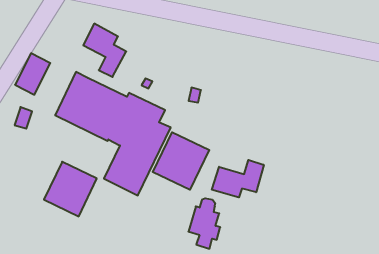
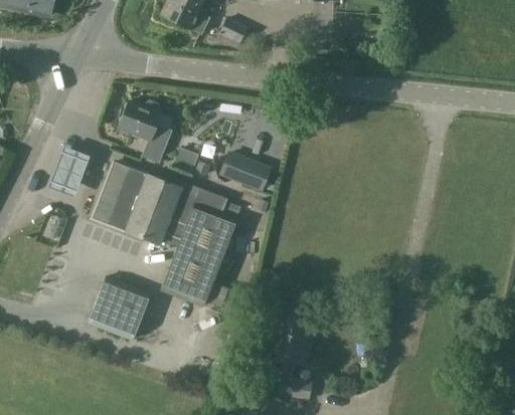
building: none -> [220,150,249,182]
building: [153,132,209,190] -> none
building: [212,160,264,197] -> none

